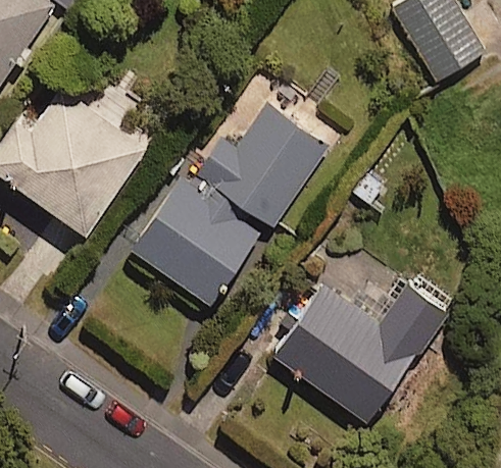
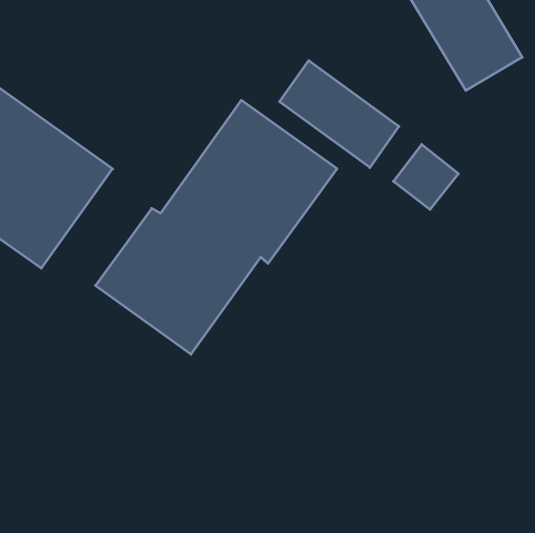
building: none -> [280,61,399,168]
building: [273,277,454,424] -> none

